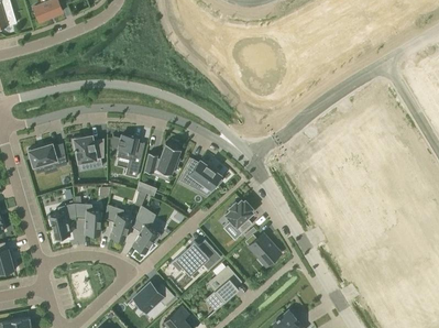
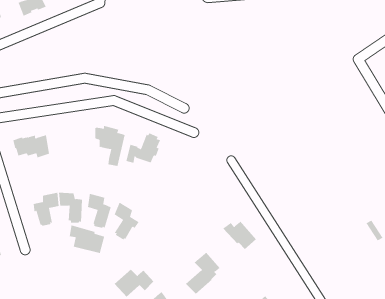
building: [70,136,103,170] -> none
building: [179,158,222,195] -> none
building: [226,200,252,233] -> none
building: none -> [69,225,105,254]
building: [171,240,221,275] -> none

